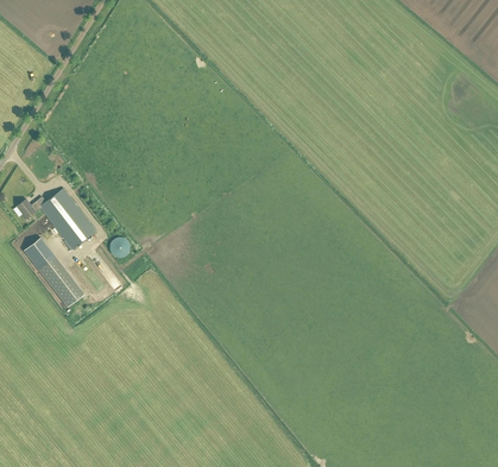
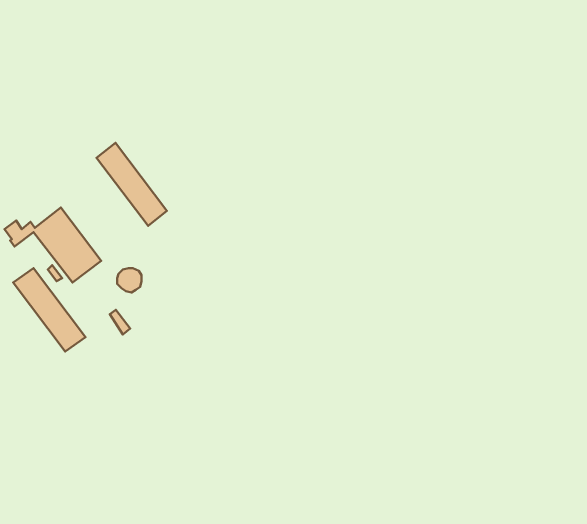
building: none -> [97,143,167,226]

